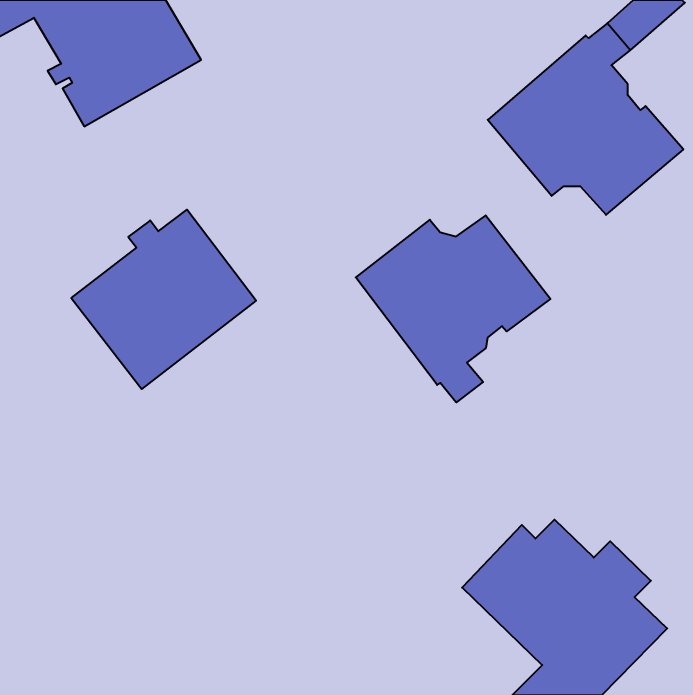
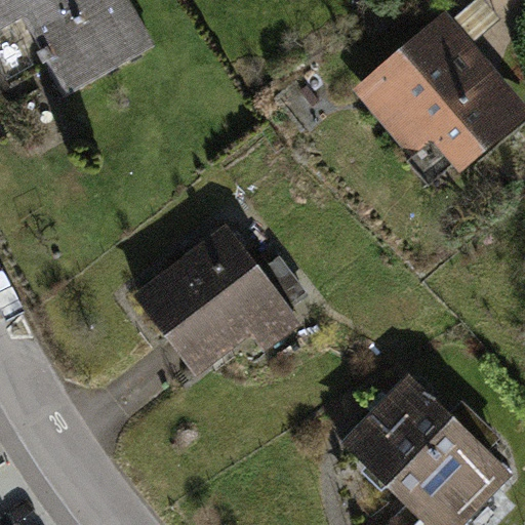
building: [71,210,256,389] -> [140,234,280,369]
building: [356,215,550,402] -> none

